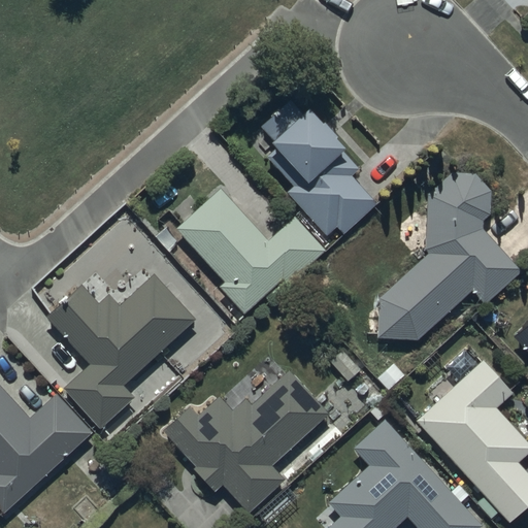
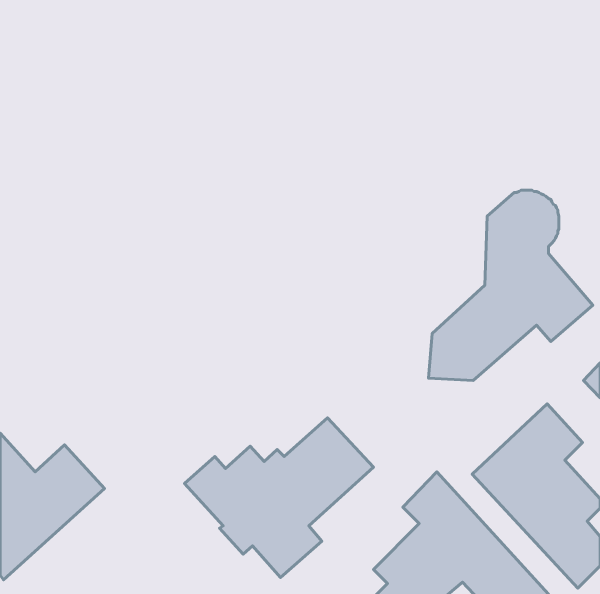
building: [259,100,375,236] -> none
building: [176,190,325,315] -> none
building: [44,275,194,429] -> none

